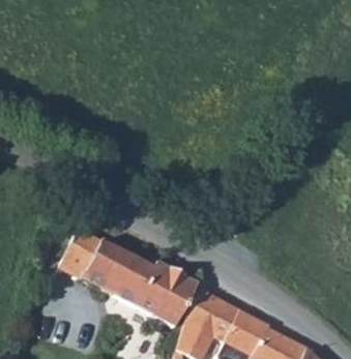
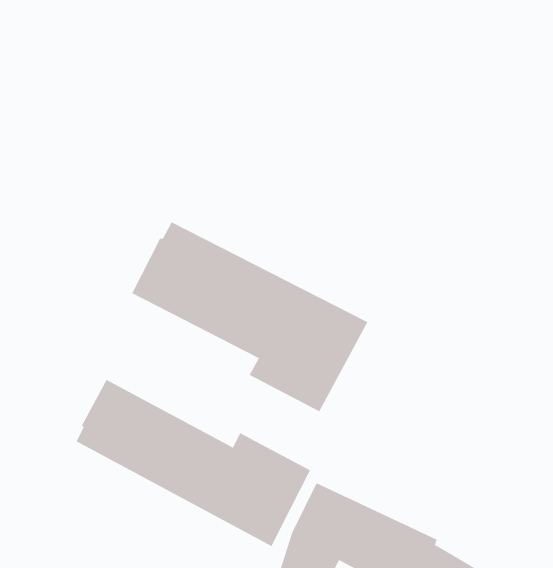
building: none -> [131,221,368,412]

